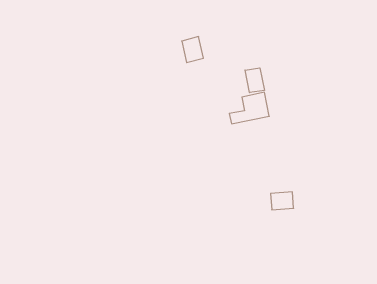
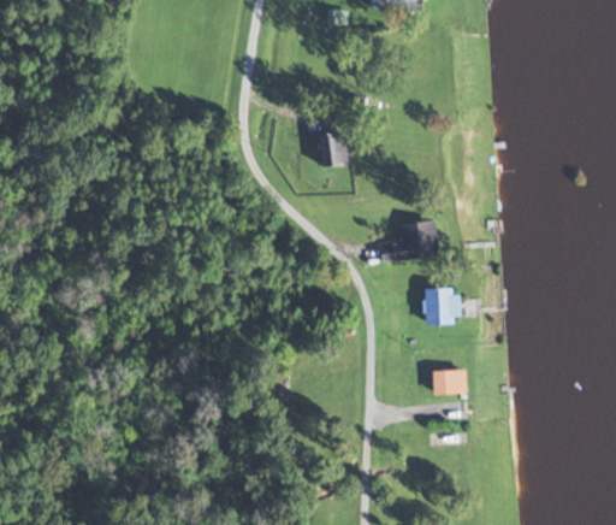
building: [245,68,264,93] -> none
building: none -> [426,289,458,324]

